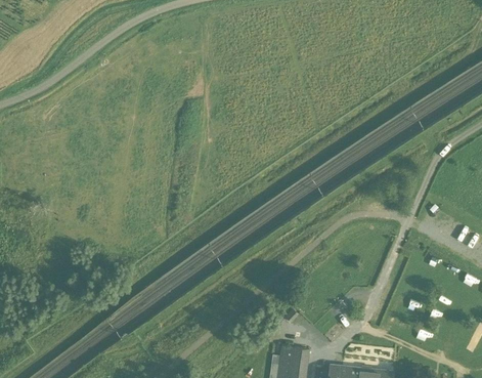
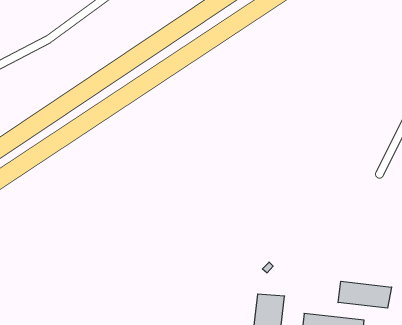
building: none -> [338,281,392,308]

